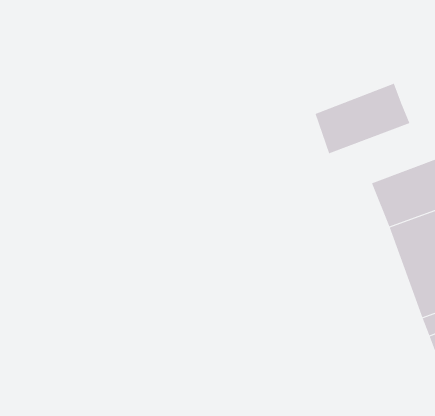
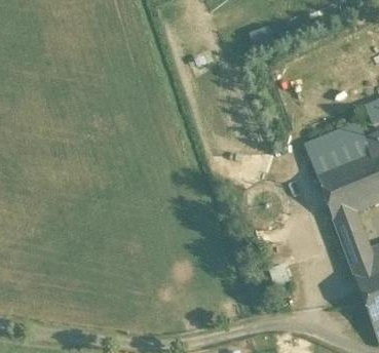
building: [315,83,410,154] -> none

